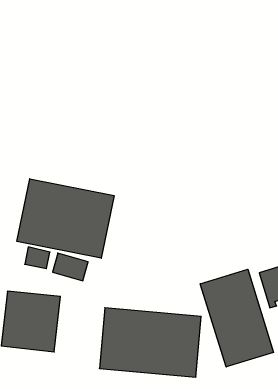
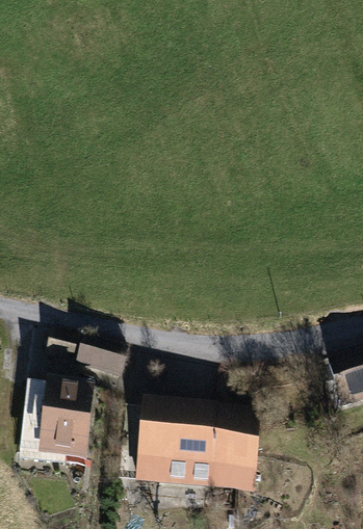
building: [17,179,114,258] -> none
building: [200,269,274,367] -> none

